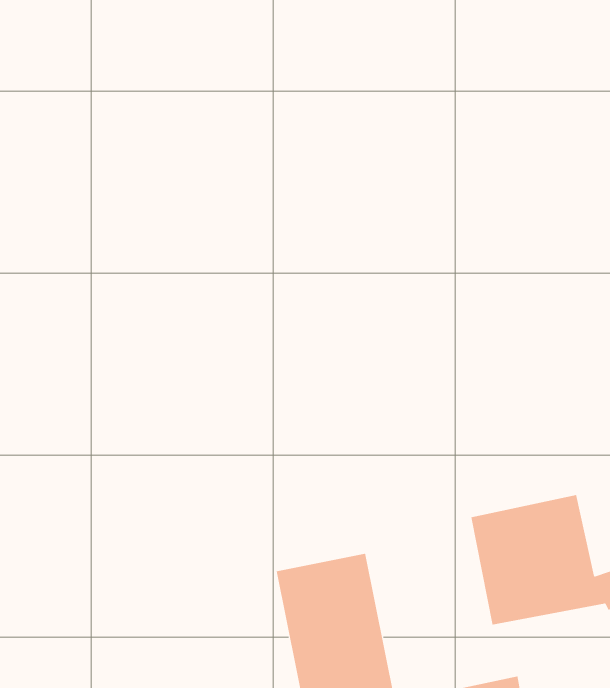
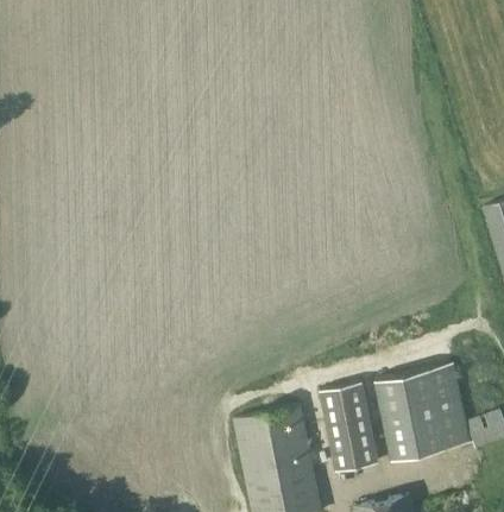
building: none -> [321,385,379,474]

